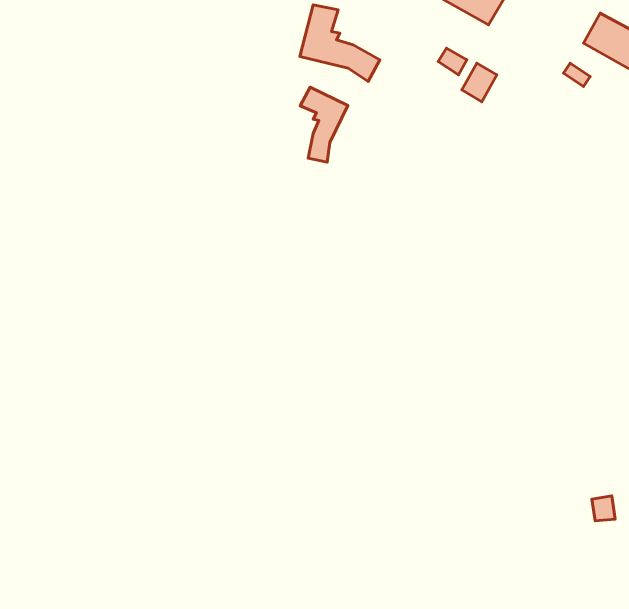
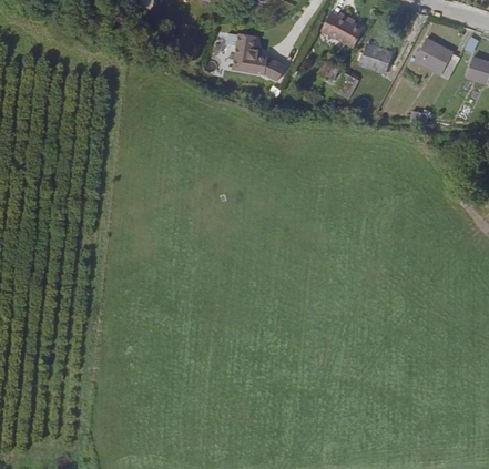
building: none -> [360,45,391,72]
building: [300,87,348,162] -> none

